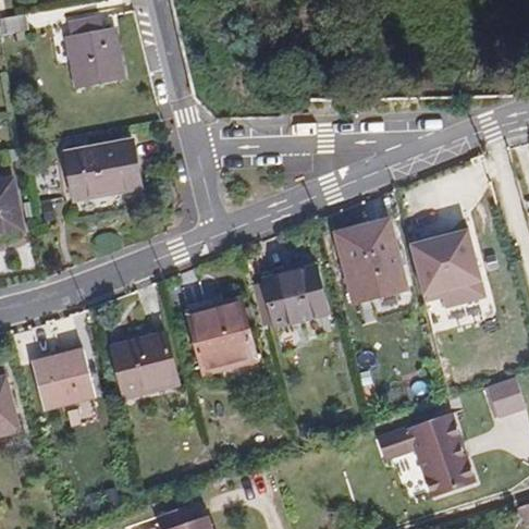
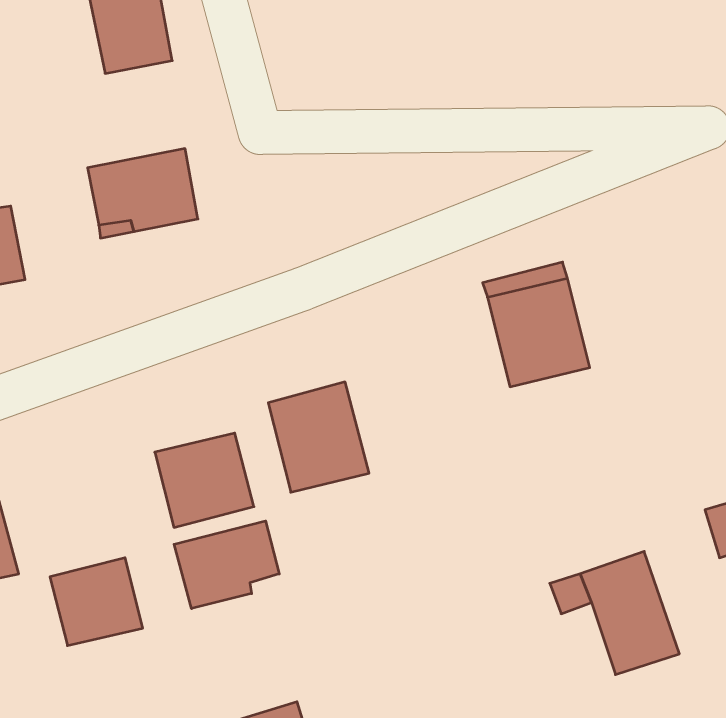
building: [408,227,485,307] -> none
building: [263,266,329,335] -> none
building: [32,348,95,408] -> [50,558,143,646]
building: none -> [174,521,279,609]

